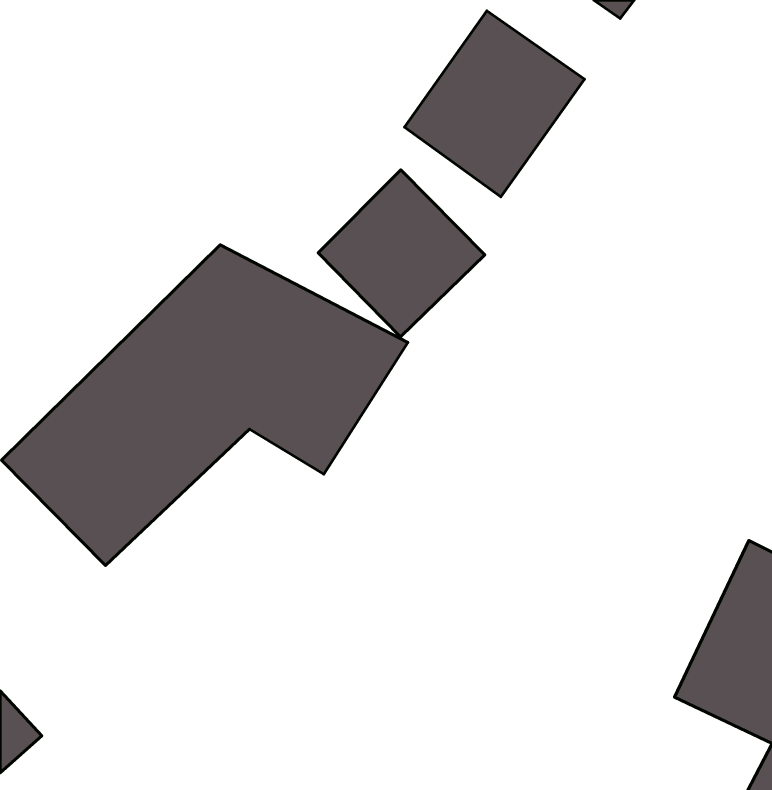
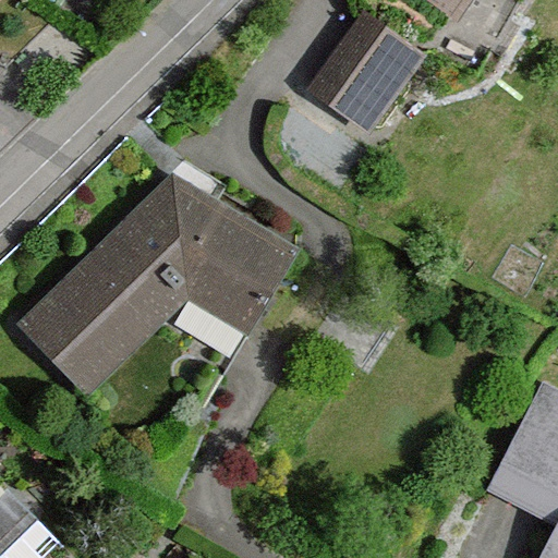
building: [318,170,485,337] -> none

